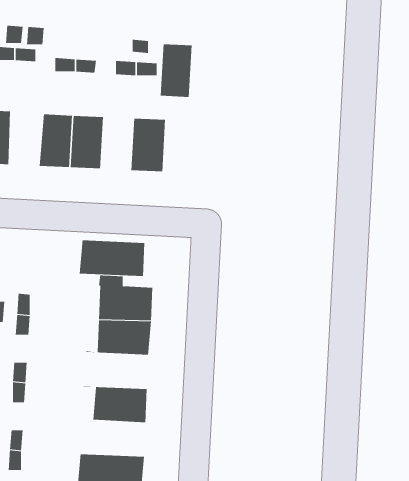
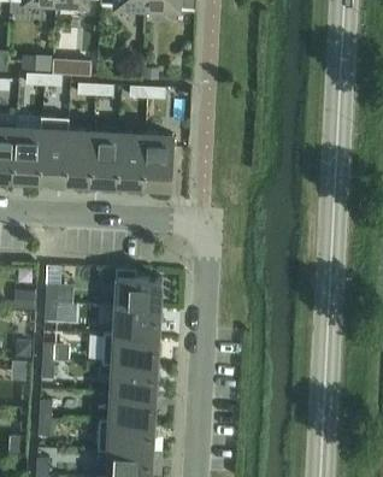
building: [160,44,192,97] -> [117,134,145,179]
building: none -> [39,117,69,176]
building: [79,240,145,277] -> [101,335,158,366]
building: none -> [99,393,155,424]

